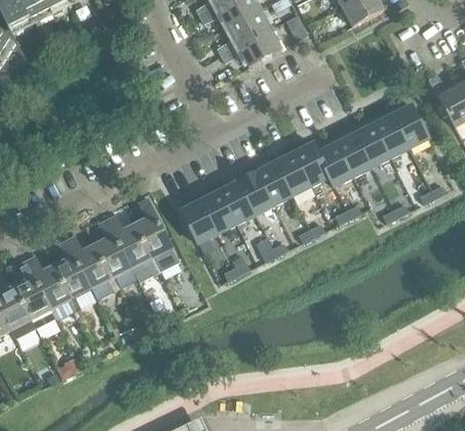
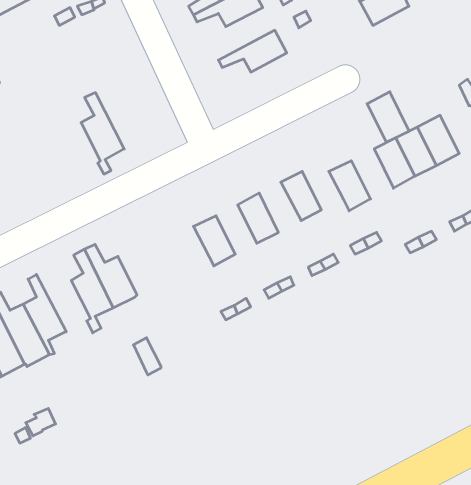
building: [218,11,270,56] -> none
building: [336,132,372,175] -> [367,92,409,142]
building: [294,143,328,185] -> none
building: [257,161,293,204] -> none
building: [220,181,255,223] -> none
building: [135,199,172,269] -> [81,93,124,174]
building: [181,199,218,242] -> none
building: [66,235,112,296] -> none

